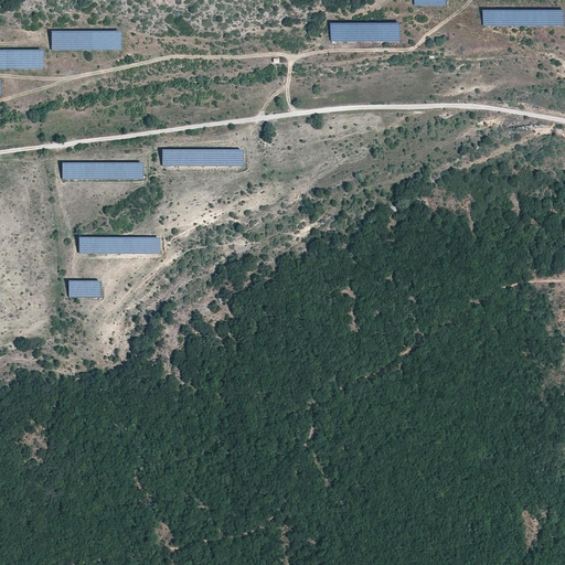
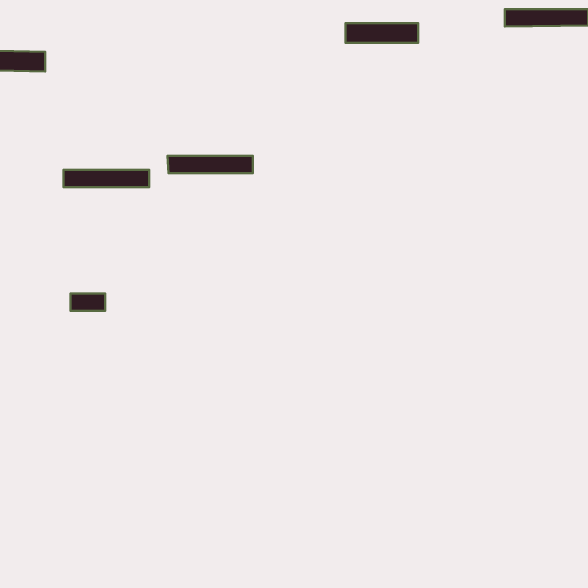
building: [50,31,120,50] -> none
building: [77,237,159,254] -> none

